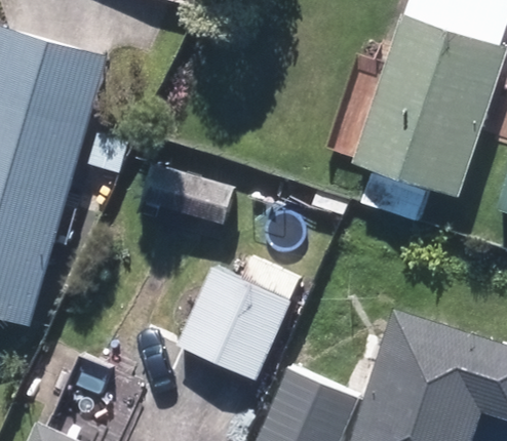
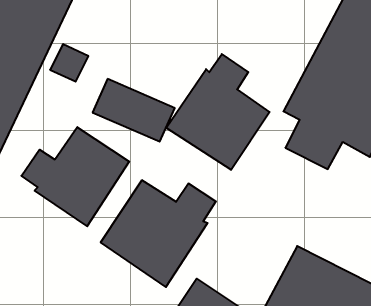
building: none -> [166,54,270,170]
building: none -> [21,127,129,226]

